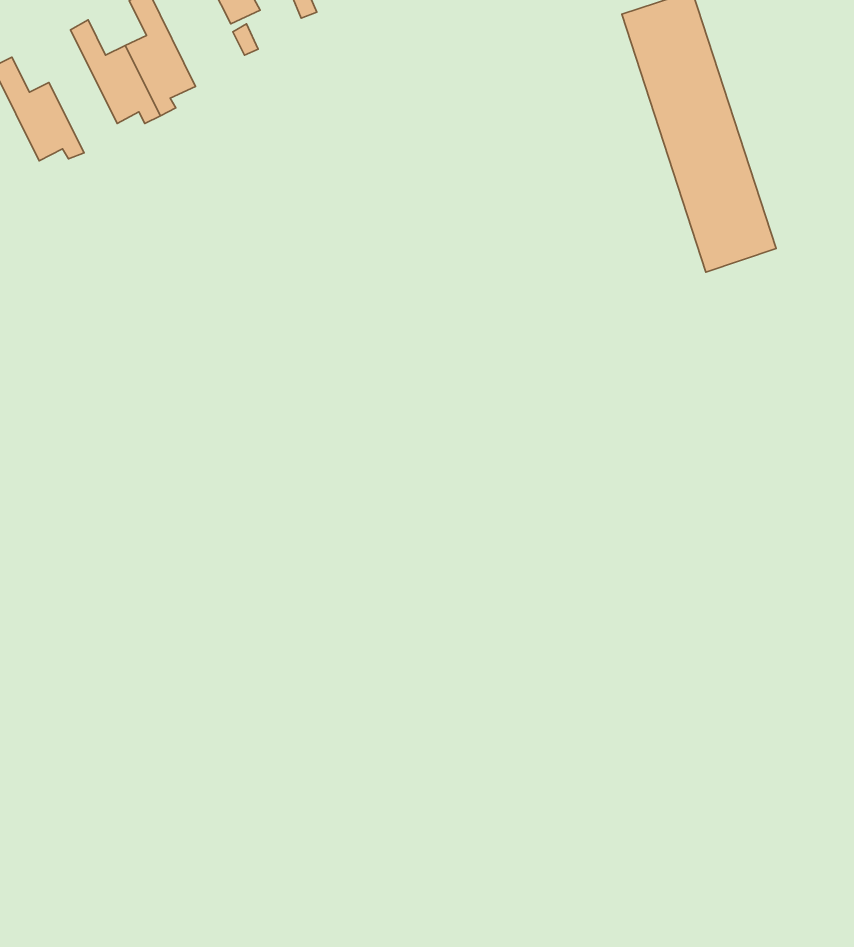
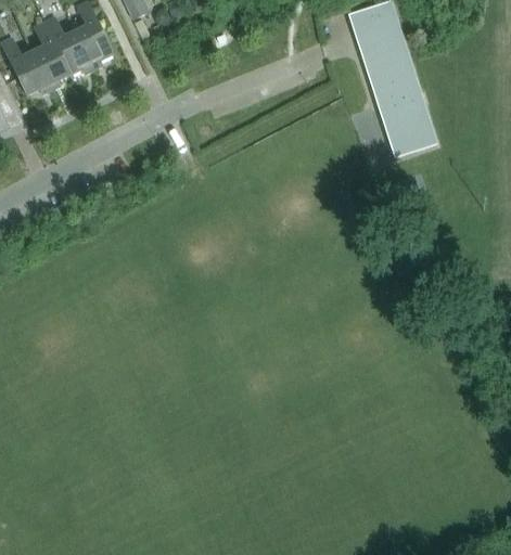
building: none -> [31,21,69,89]

